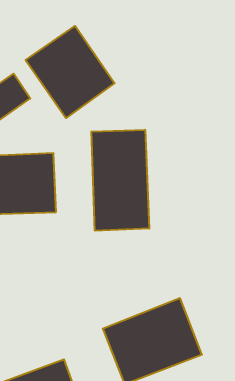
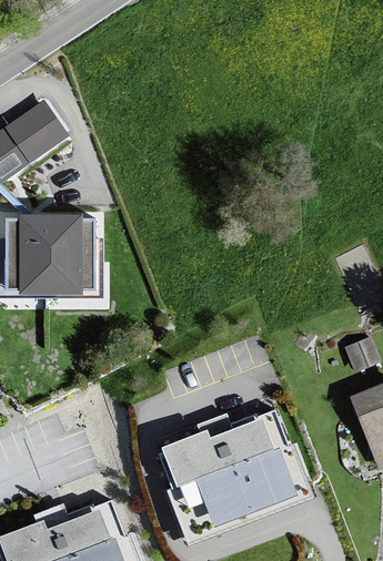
building: [26,26,115,118] -> none
building: [91,130,149,231] -> none

